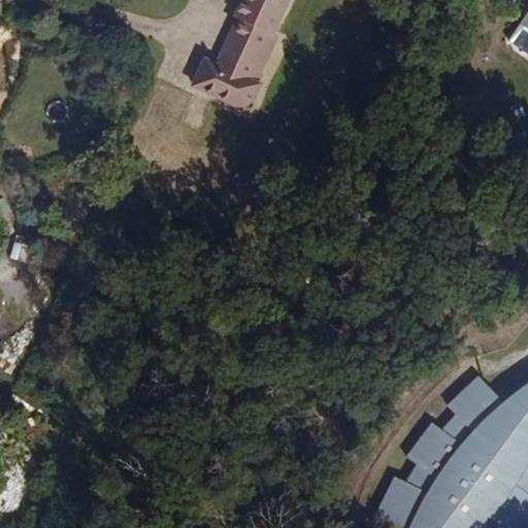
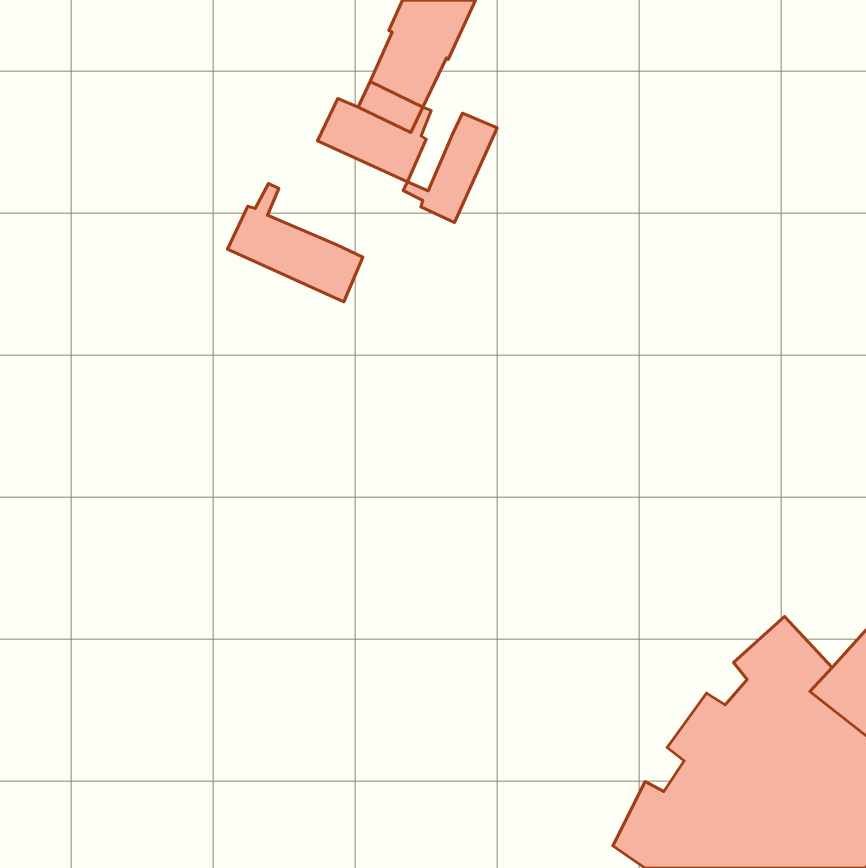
building: none -> [403,113,497,223]
building: none -> [228,183,363,302]

